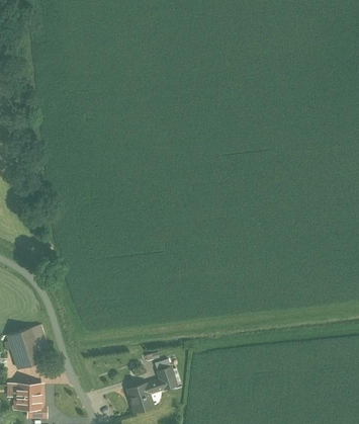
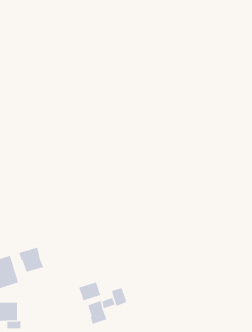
building: none -> [19,247,44,273]
building: none -> [79,281,101,301]

